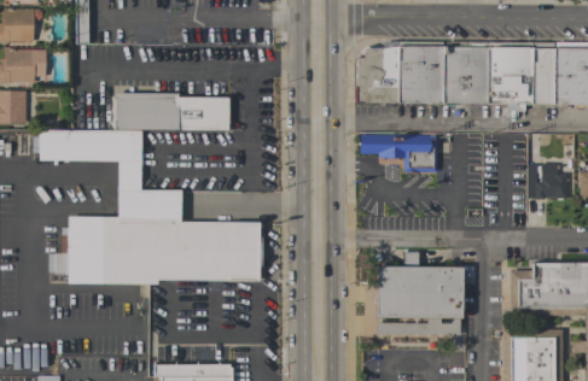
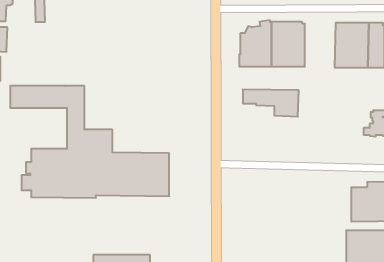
building: [447,42,489,106] -> none
building: [115,93,232,131] -> none
building: [375,252,464,335] -> none

